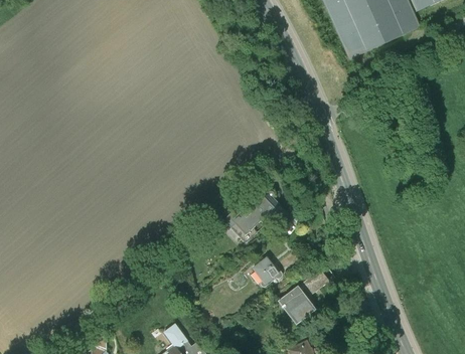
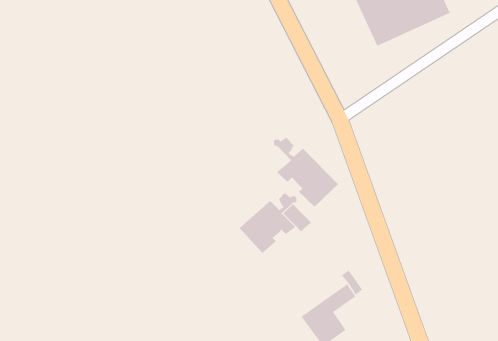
building: none -> [273,137,339,208]
building: [254,257,280,285] -> none

